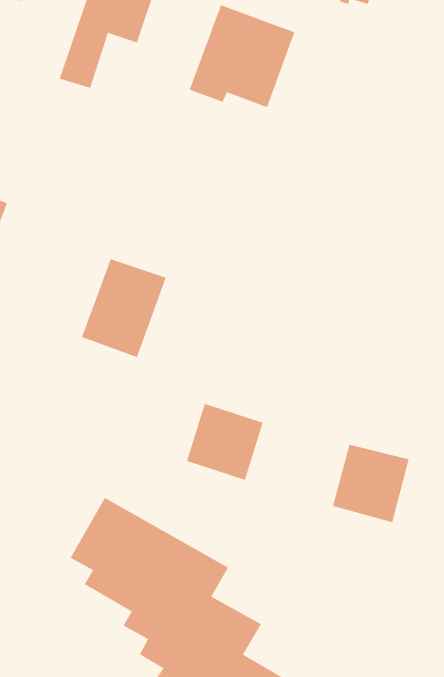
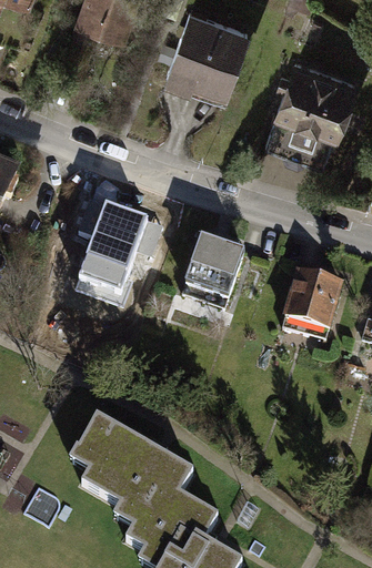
building: none -> [265,59,359,165]
building: [186,403,263,481] -> [182,245,244,307]
building: [332,444,409,523] -> [281,277,343,341]

